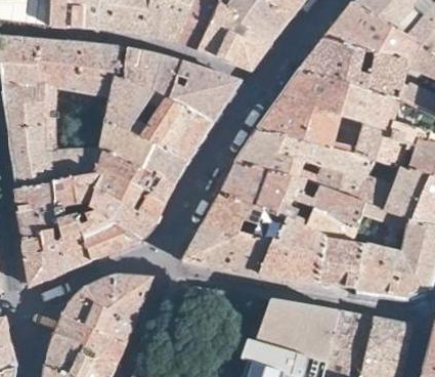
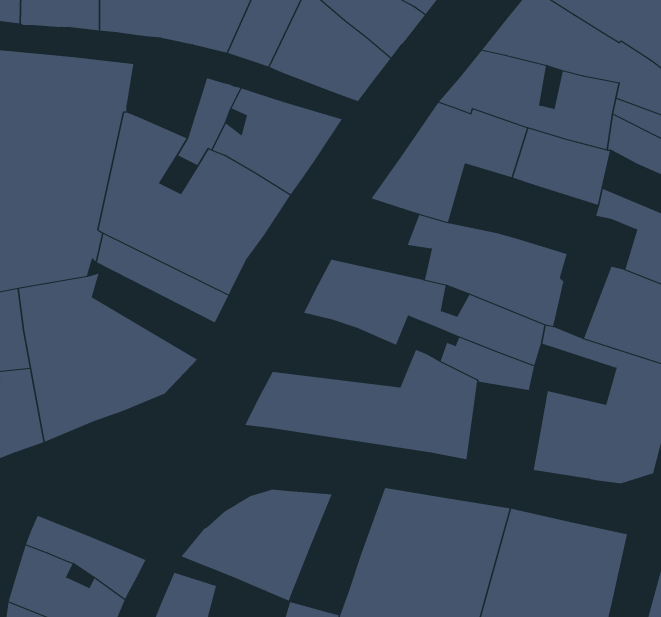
building: [121,48,163,91] -> none
building: [306,107,344,148] -> none
building: [347,119,402,165] -> none
building: [236,127,296,175] -> none
building: [92,163,168,222] -> none
building: [202,195,298,239] -> none
building: [317,236,364,288] -> none
building: [62,275,153,341] -> [181,489,333,601]

